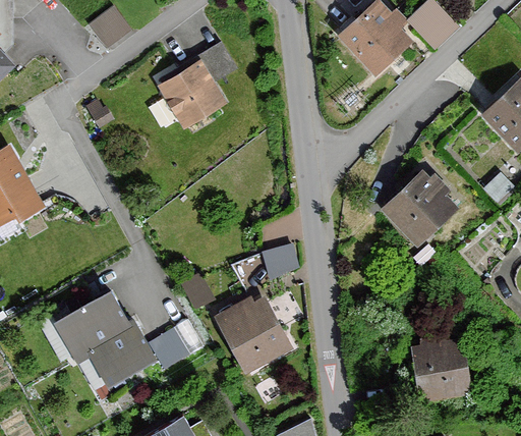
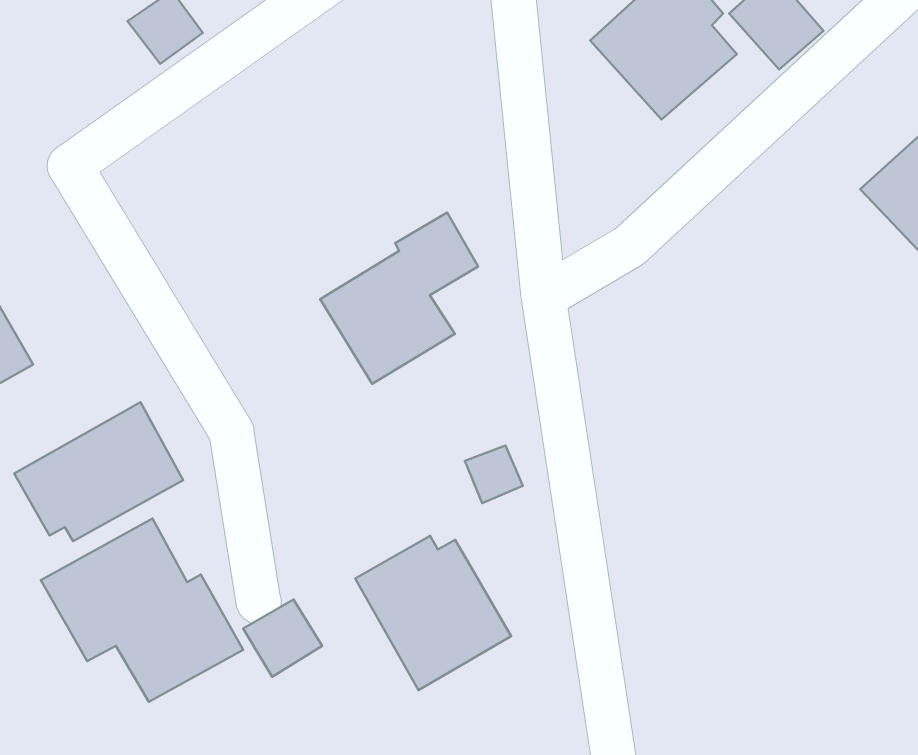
building: [157,41,240,131] -> [320,212,478,384]
building: [378,169,456,248] -> none
building: none -> [14,402,183,541]
building: [411,335,469,401] -> none

